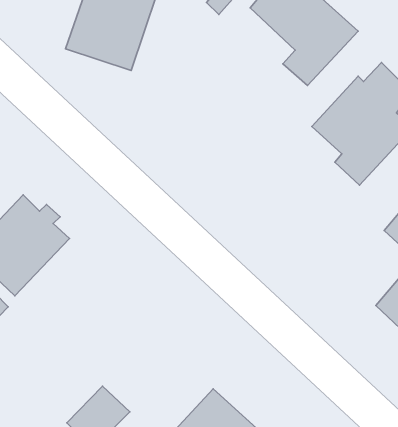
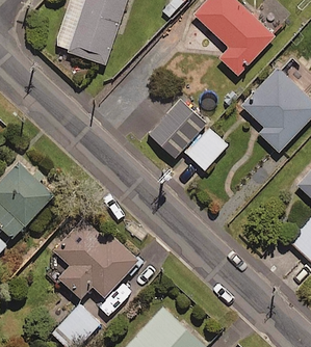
building: none -> [147,101,227,171]
building: none -> [48,218,139,297]

